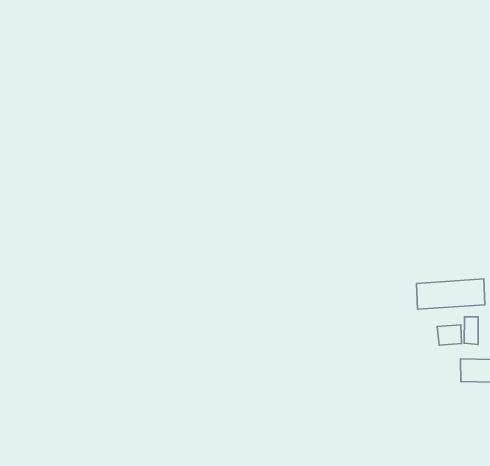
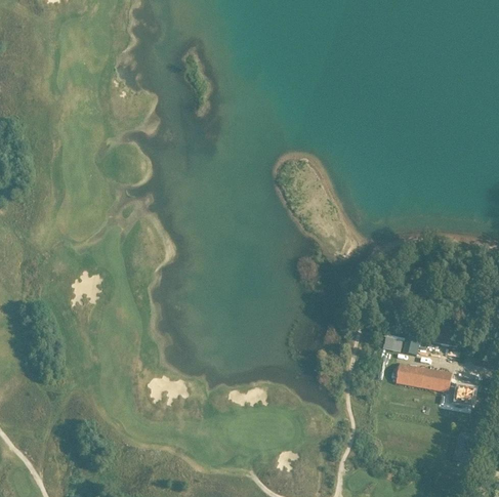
building: [416,279,485,309] -> none

